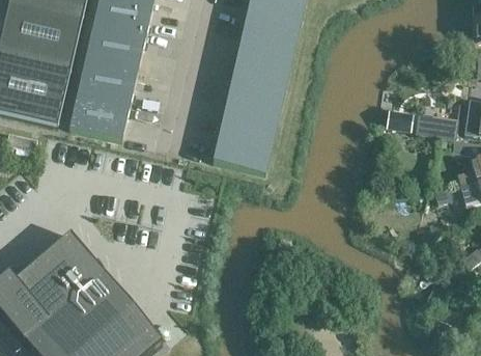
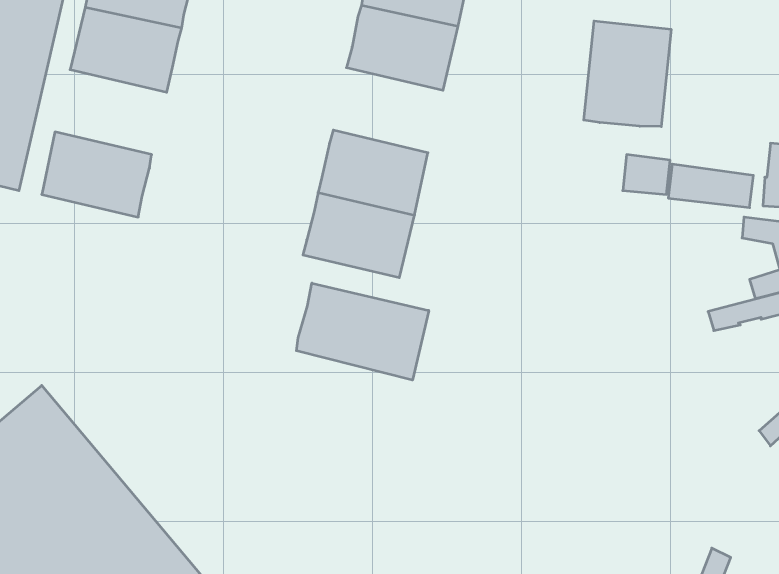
building: none -> [584,21,671,127]
building: [230,55,290,102] -> none
building: [78,56,139,103] -> none
building: none -> [296,283,429,380]

